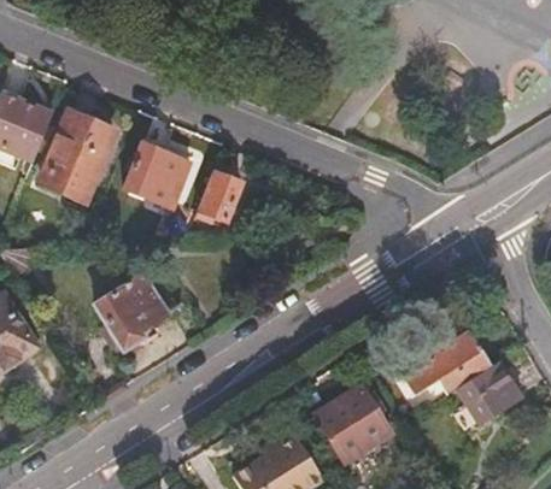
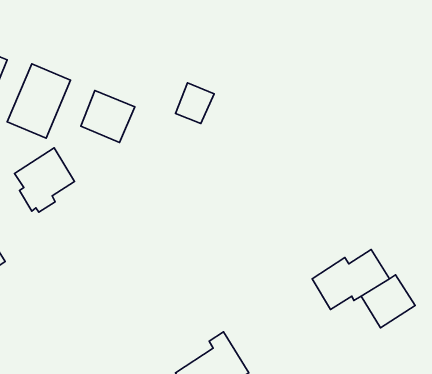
building: [195,172,241,220] -> [175,83,214,124]
building: [95,275,166,350] -> [15,148,75,212]
building: [313,385,392,463] -> none

